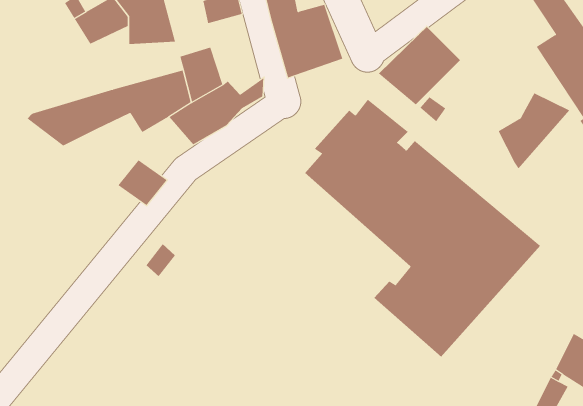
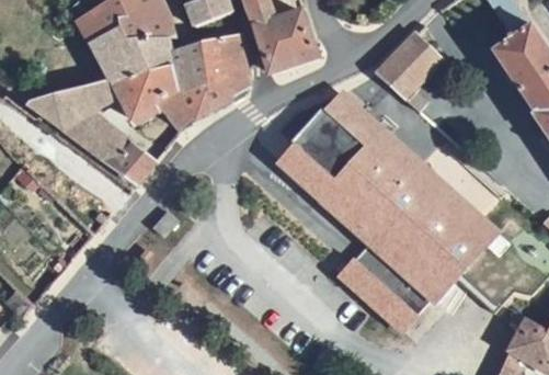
building: none -> [90,27,174,84]
building: none -> [199,38,248,89]
building: [498,92,570,169] -> none
building: none -> [66,121,134,171]

